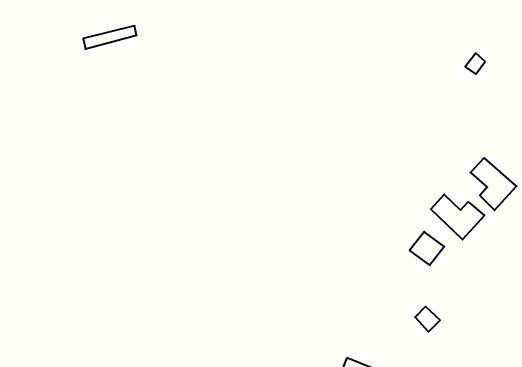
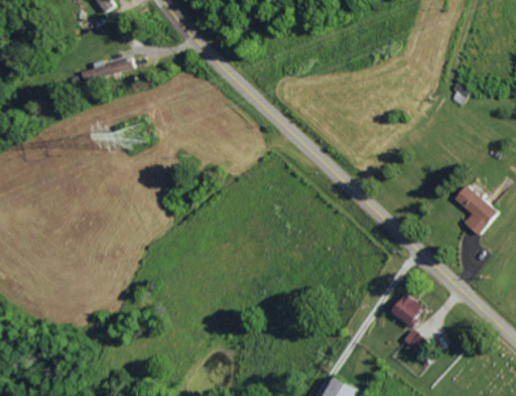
building: [431,194,484,240] -> none
building: [410,232,444,265] -> [388,293,421,325]

